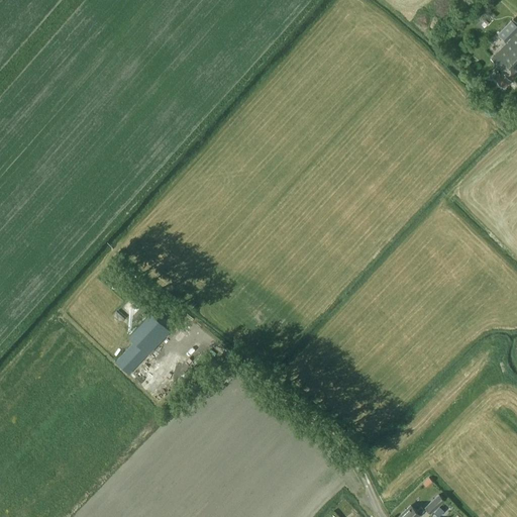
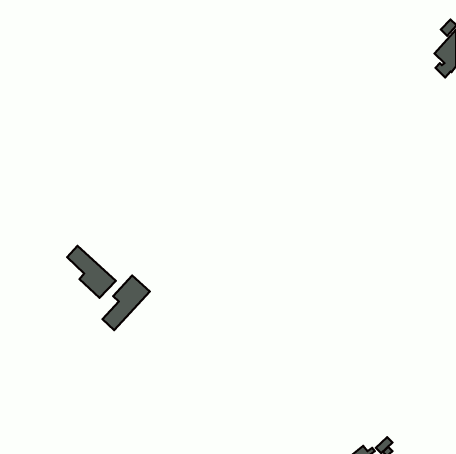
building: none -> [67,246,116,298]

